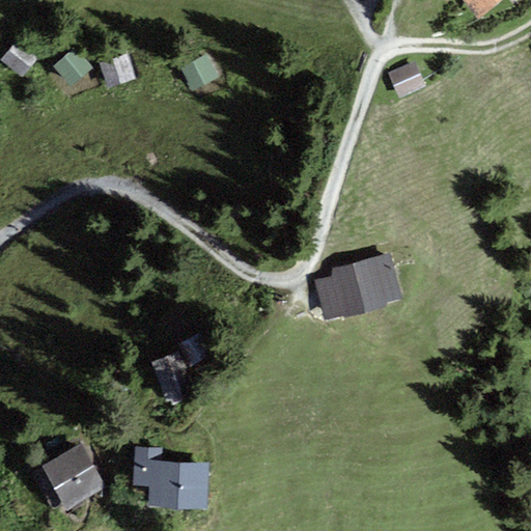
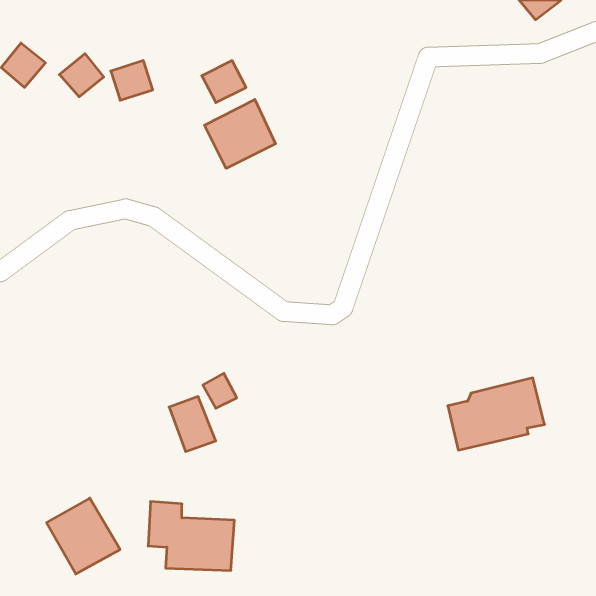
building: [387,61,425,99] -> none
building: none -> [205,99,276,168]
building: [313,255,399,319] -> [448,378,545,450]

